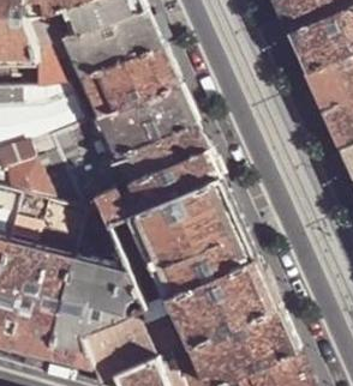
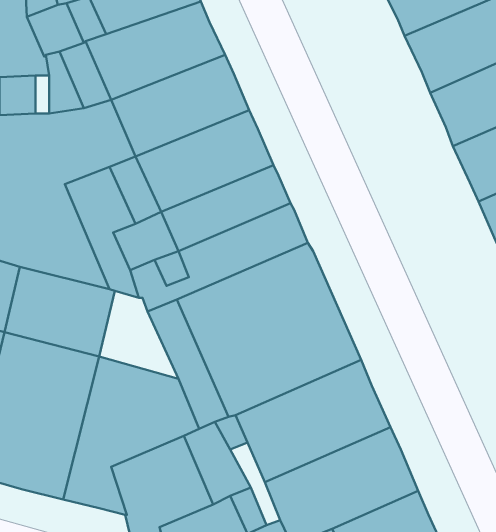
building: [74,211,130,272] -> none

